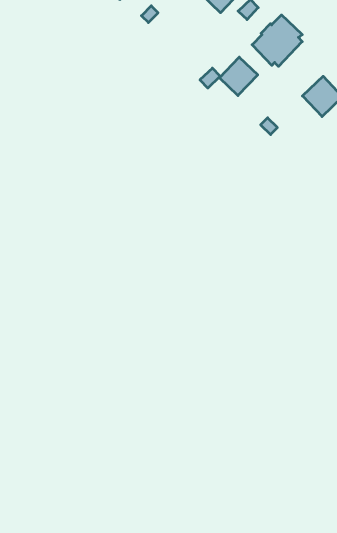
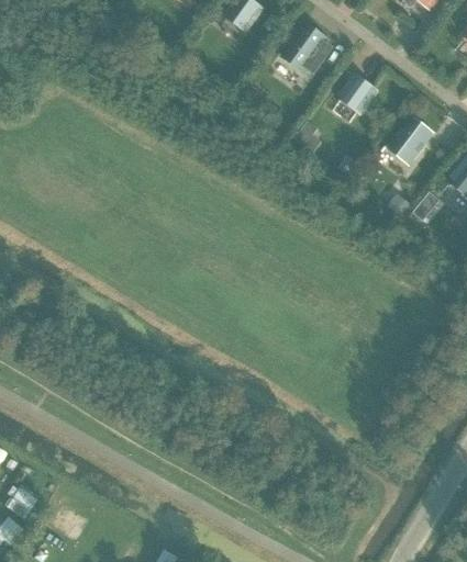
building: [219,57,258,96] -> none

